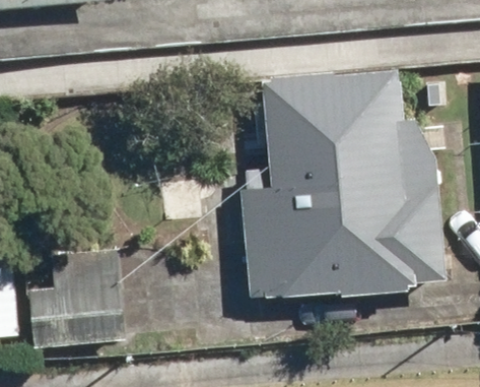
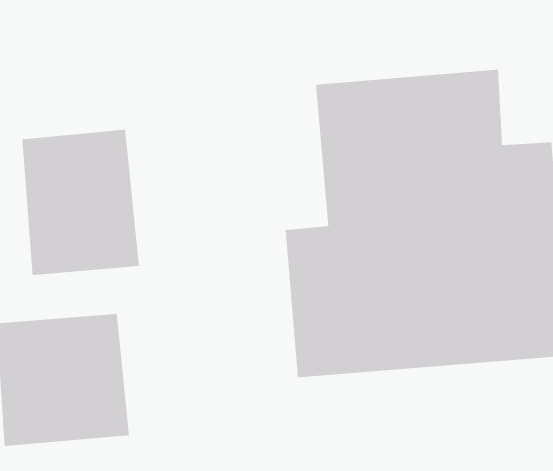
building: none -> [22,129,139,276]

